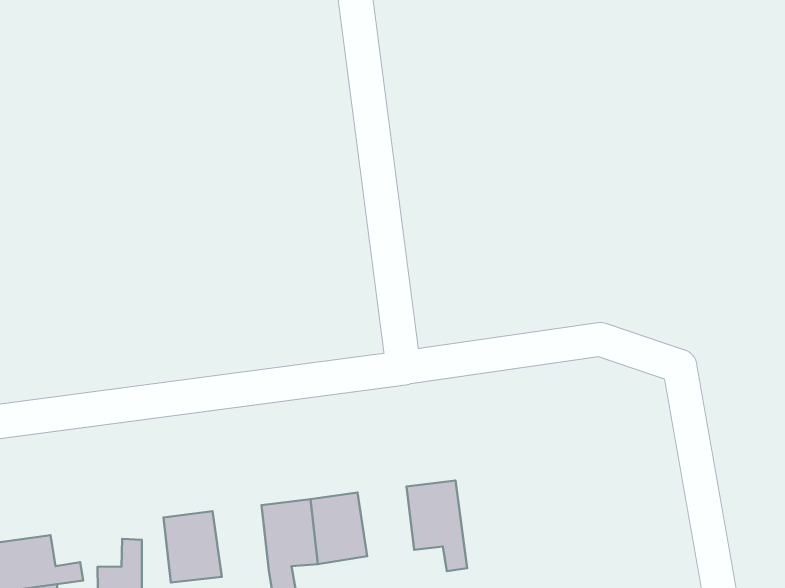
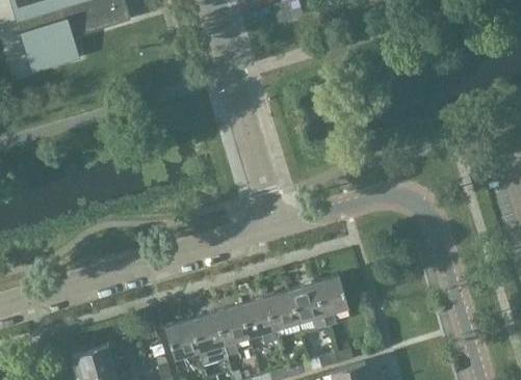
building: none -> [312,276,347,329]
building: none -> [262,292,296,331]
building: none -> [188,314,223,354]

